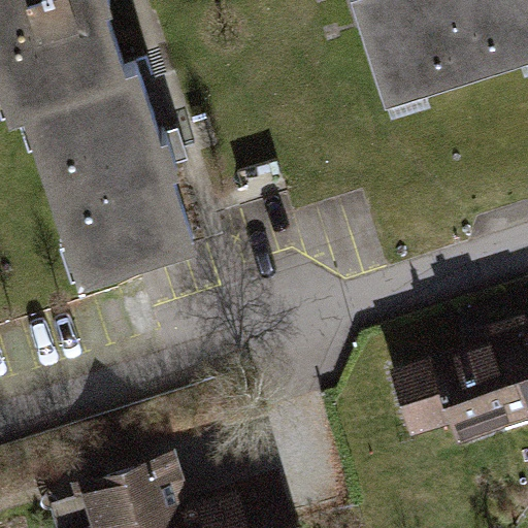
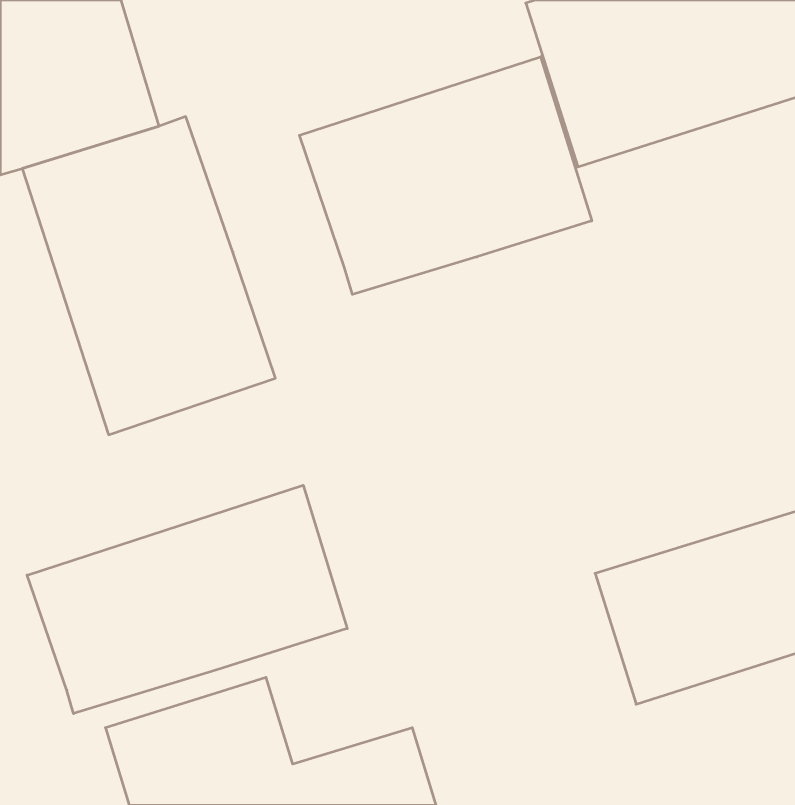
building: none -> [299,57,592,294]
building: none -> [27,485,347,714]

